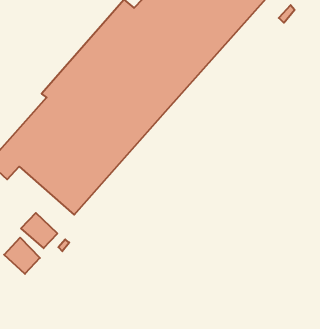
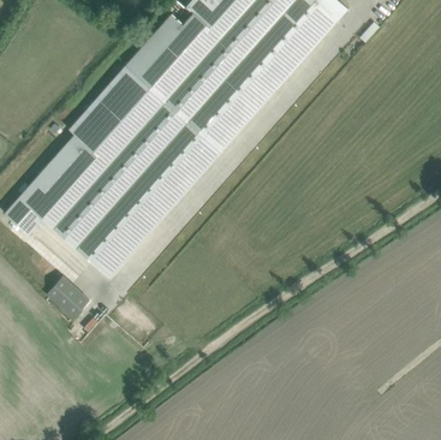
building: [4,238,40,274] -> none

